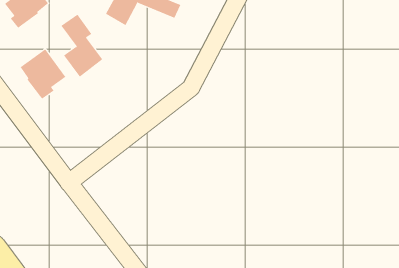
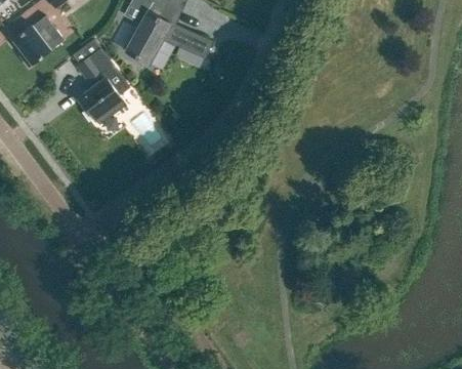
building: [20,49,66,100] -> none

